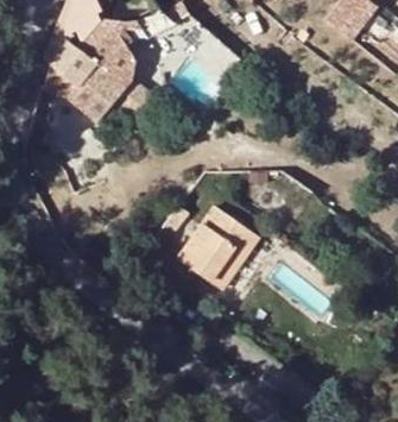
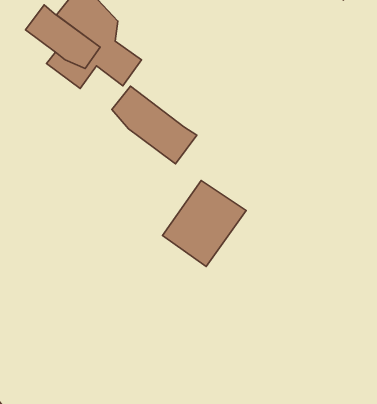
building: none -> [112,86,197,164]

